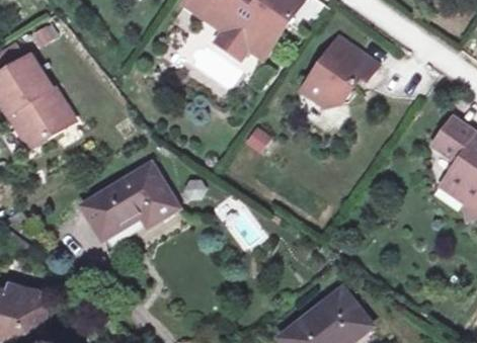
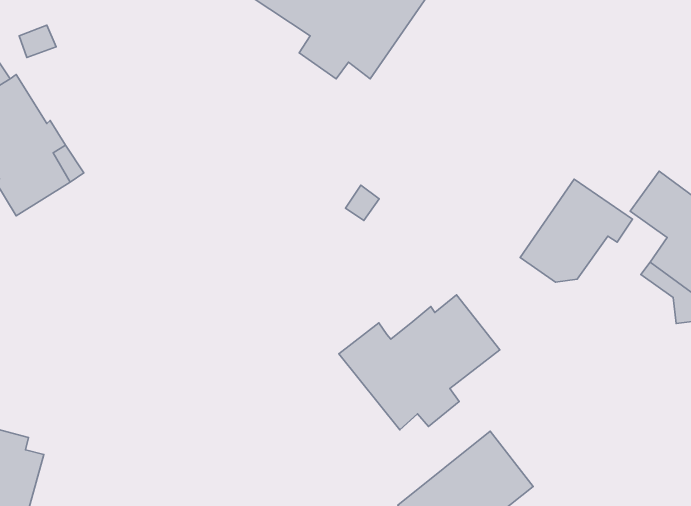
building: [302,37,376,105] -> [520,179,633,282]
building: [82,164,176,236] -> none
building: none -> [339,295,500,430]

